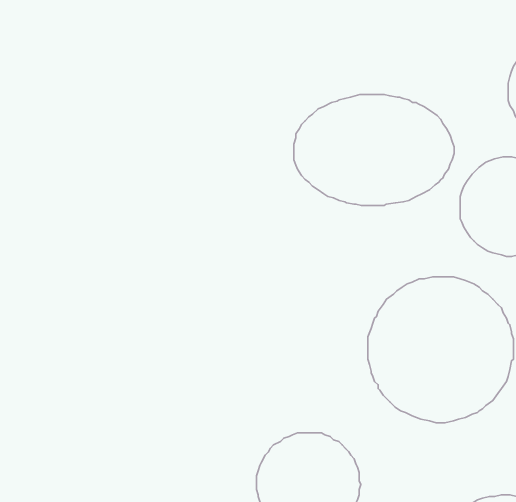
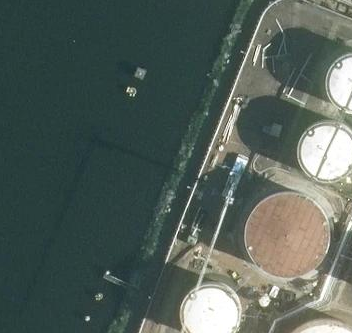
building: [294,95,454,206] -> none

